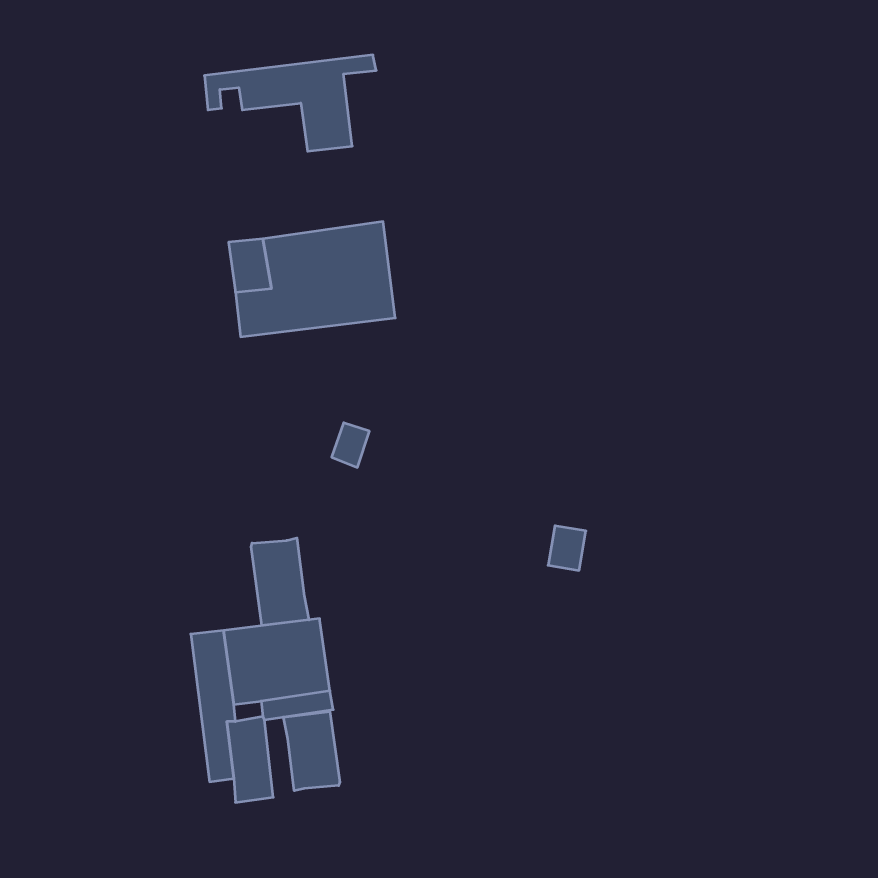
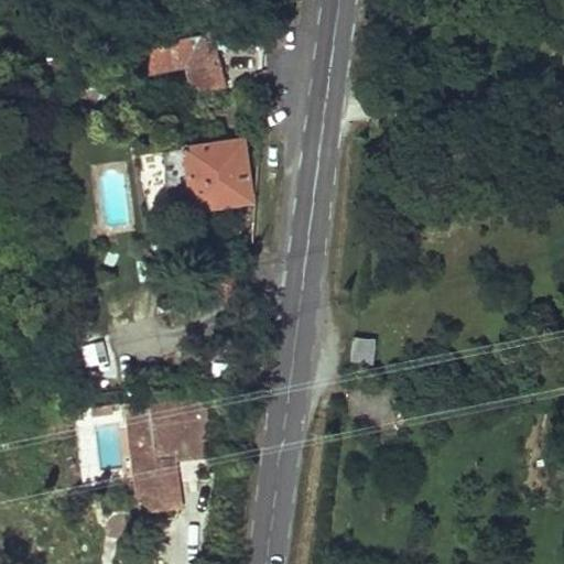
building: [251,538,309,625] -> none
building: [283,711,340,791] -> none

